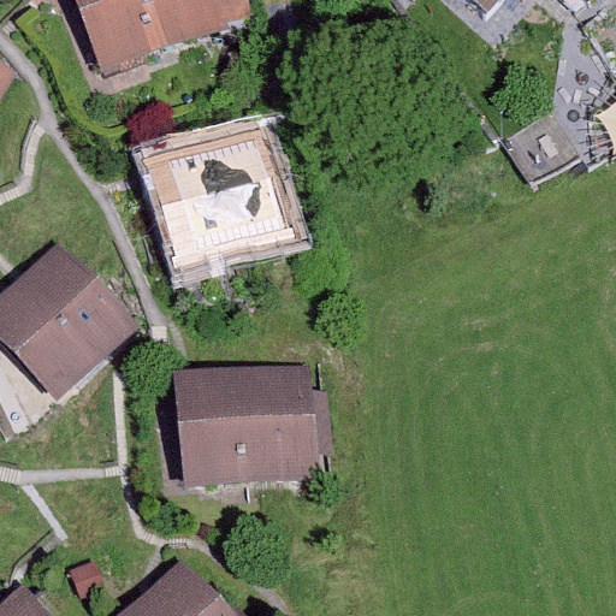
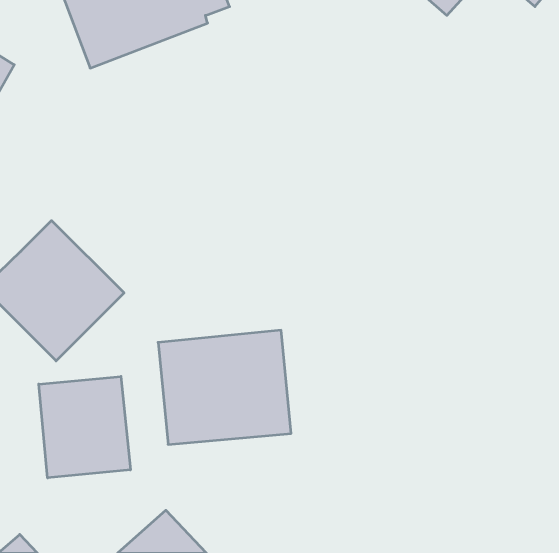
building: [148,126,292,270] -> none
building: none -> [39,376,130,478]

